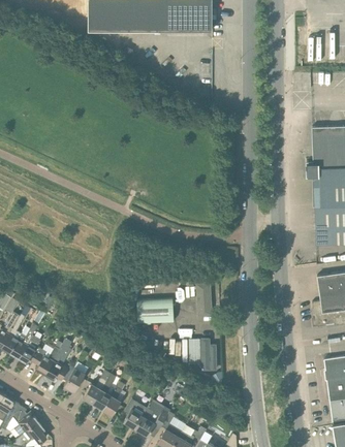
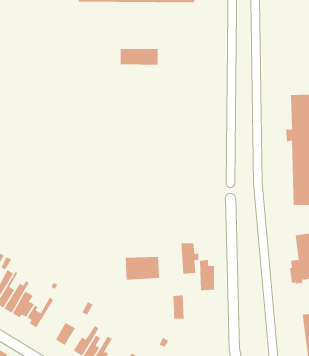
building: none -> [120,48,158,66]
building: [200,340,217,373] -> [199,260,215,291]
building: [44,353,69,382] -> none

